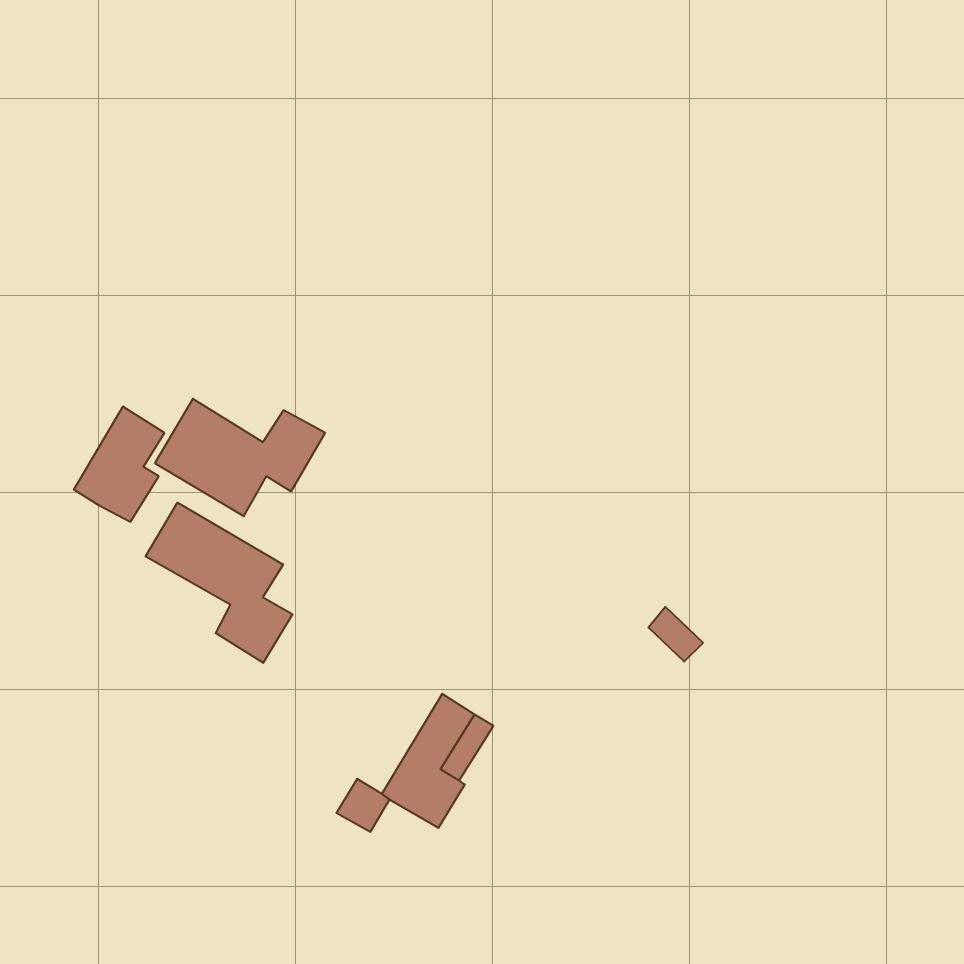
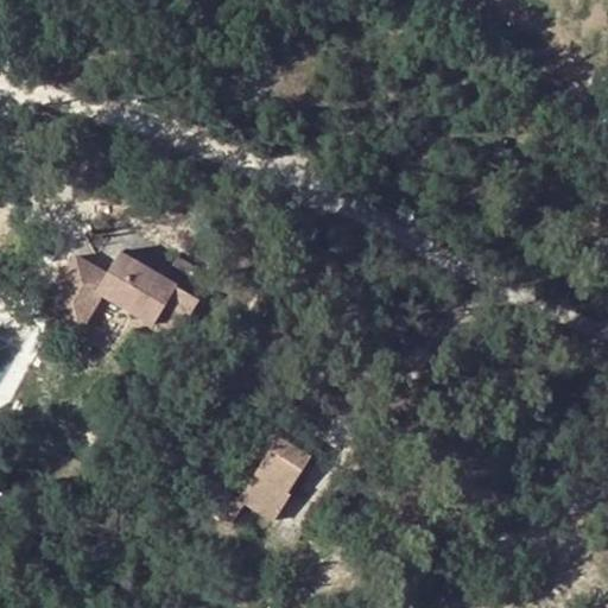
building: [146,503,293,663] -> none

